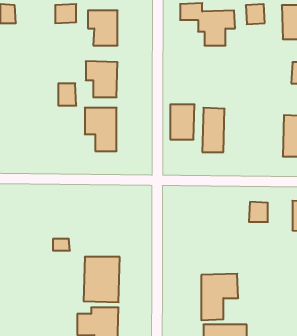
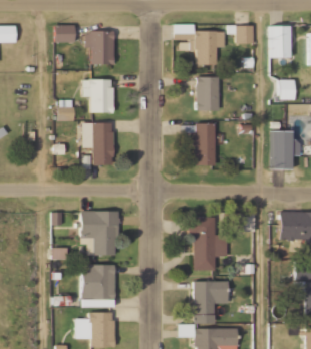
building: [170,104,195,139] -> [197,77,220,110]
building: none -> [80,211,118,256]
building: none -> [190,218,229,271]

